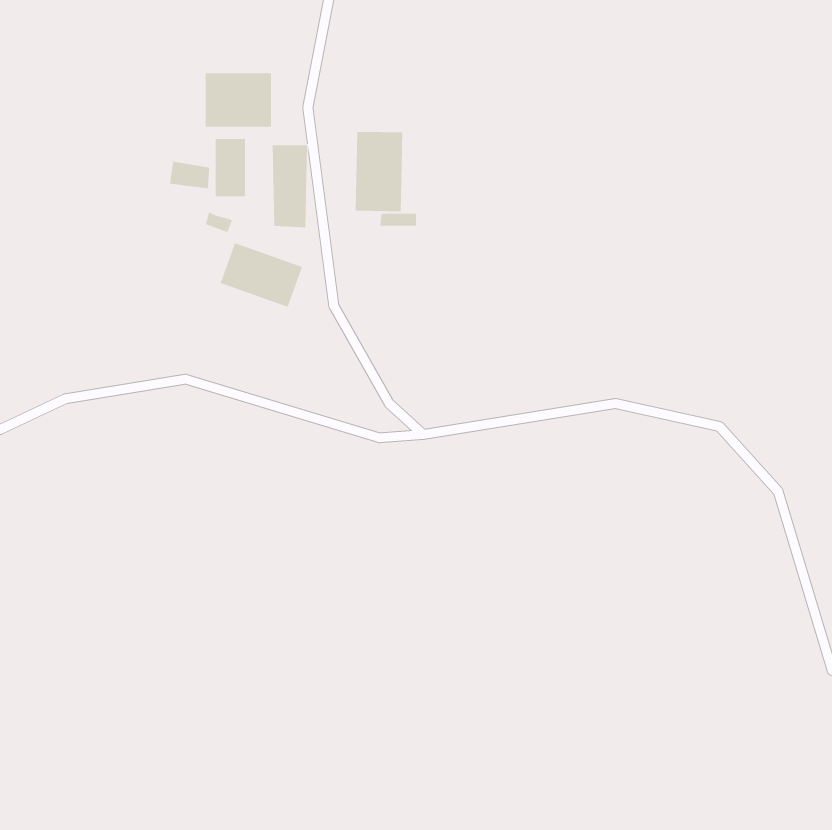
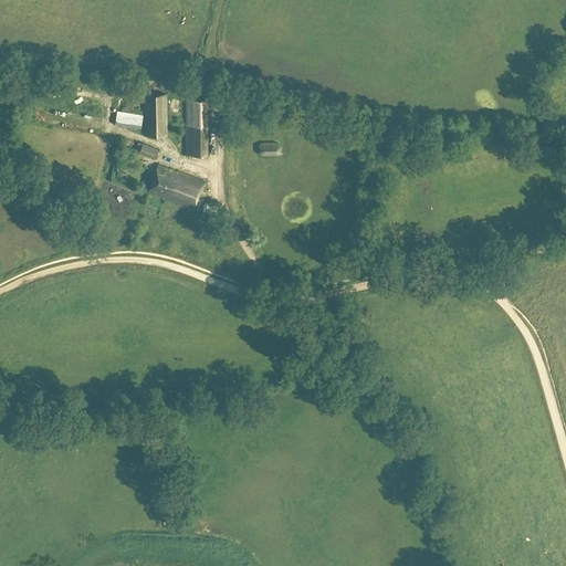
building: [205,73,272,127] -> none
building: [355,131,403,212] -> none

